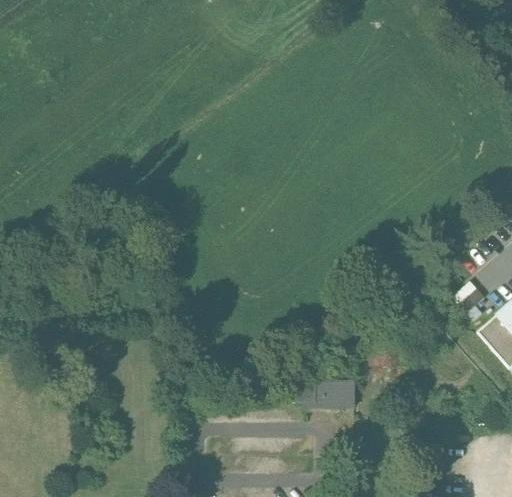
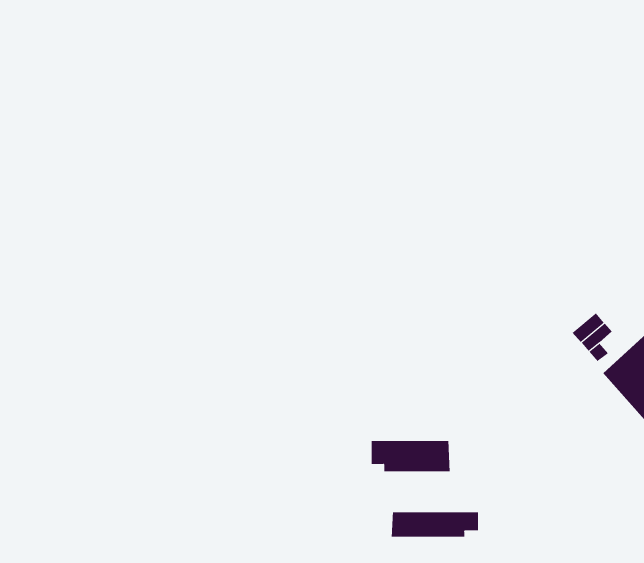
building: none -> [391,512,479,537]

